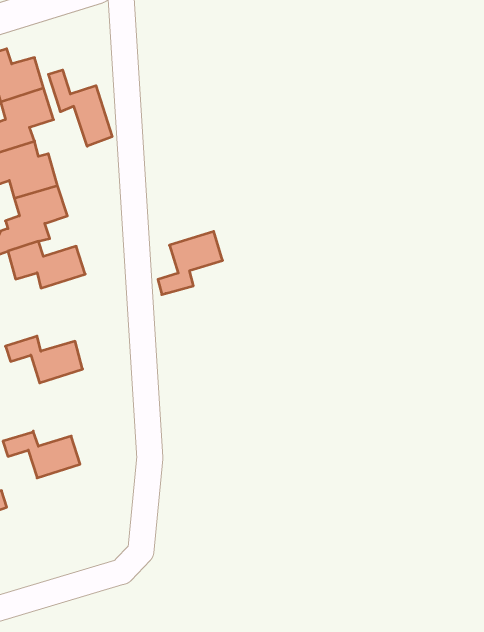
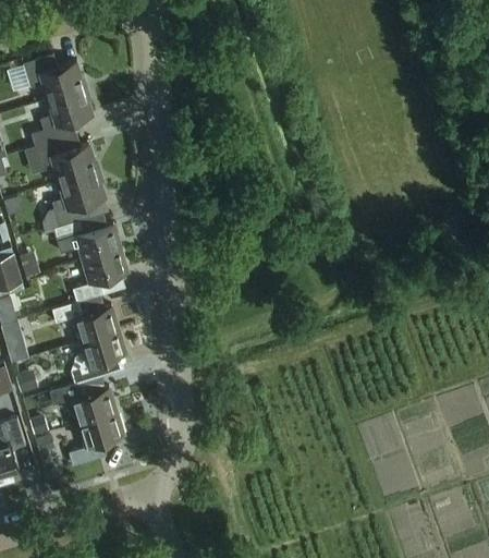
building: [48,70,112,146] -> none
building: [158,231,223,295] -> [72,248,127,303]
building: none -> [70,330,125,385]
building: none -> [68,412,123,466]

